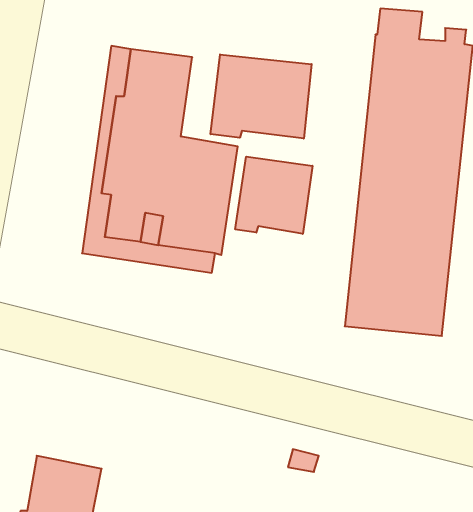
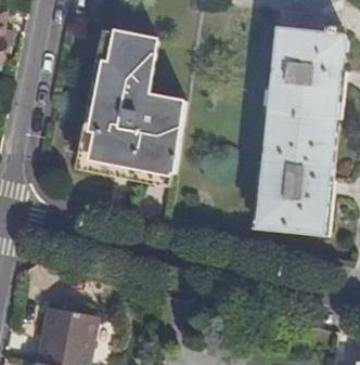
building: [211,54,312,139] -> none
building: [235,157,312,234] -> none

